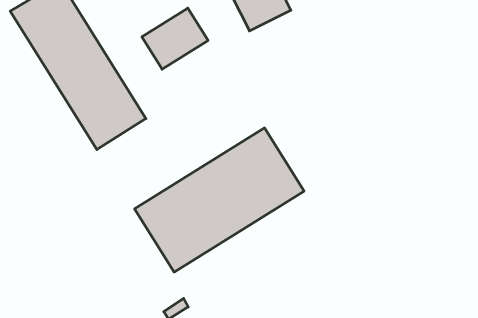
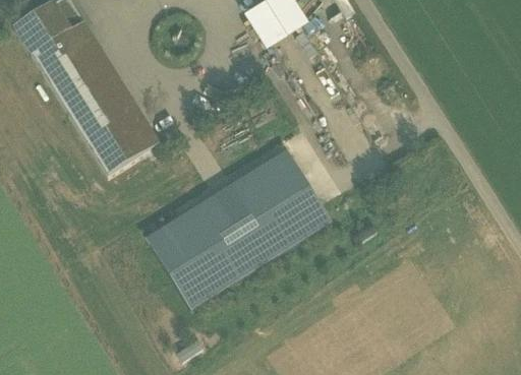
building: [142,8,208,69] -> none

